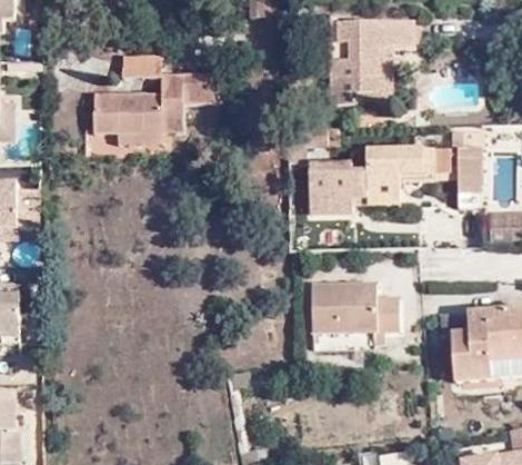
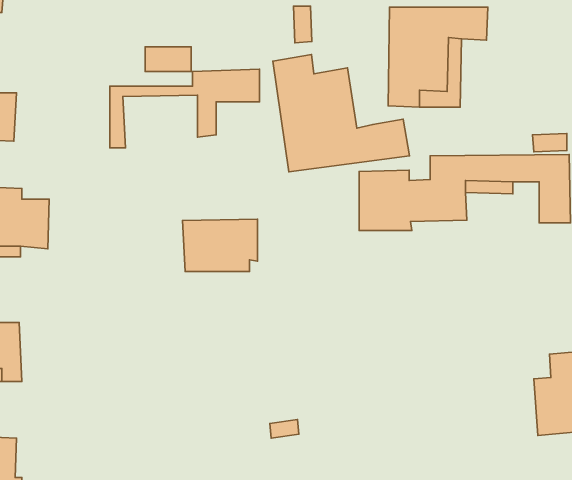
building: none -> [273,55,410,172]
building: [104,97,168,141] -> [182,219,257,272]
building: [310,280,398,333] -> none

